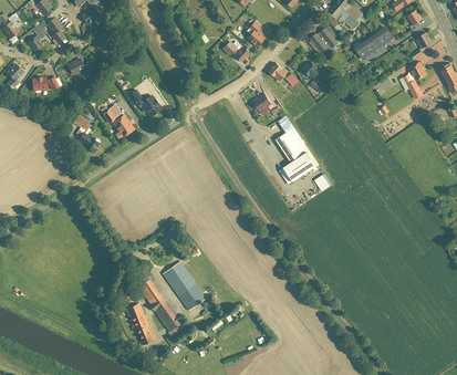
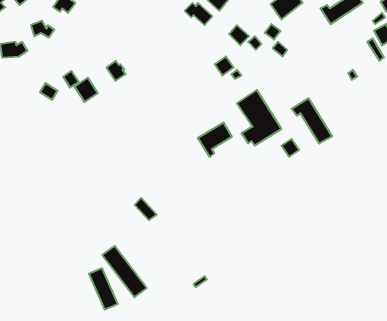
building: none -> [292,98,332,144]
building: none -> [198,122,232,157]
building: [164,261,205,308] -> none

